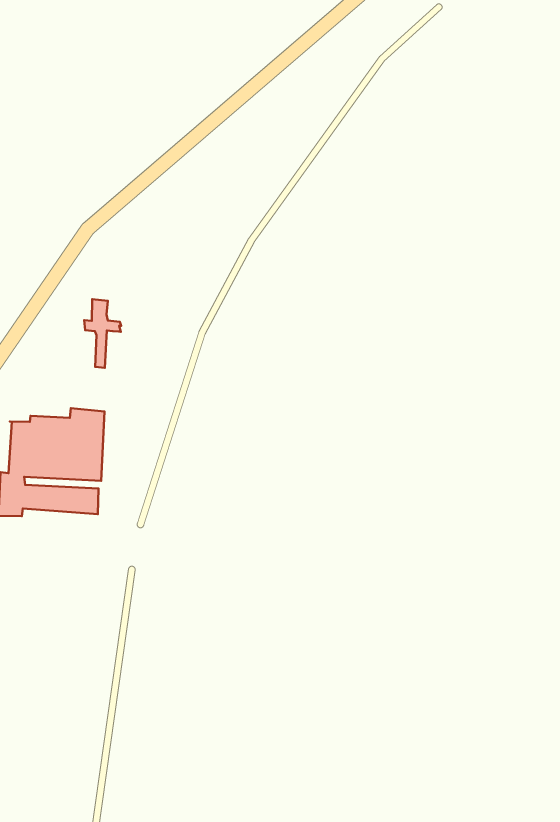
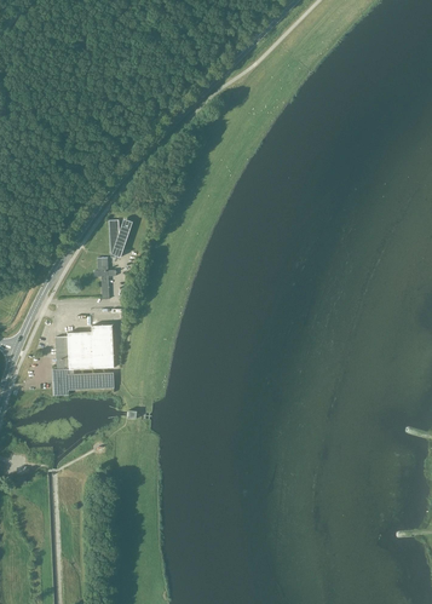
building: none -> [110,218,134,257]

